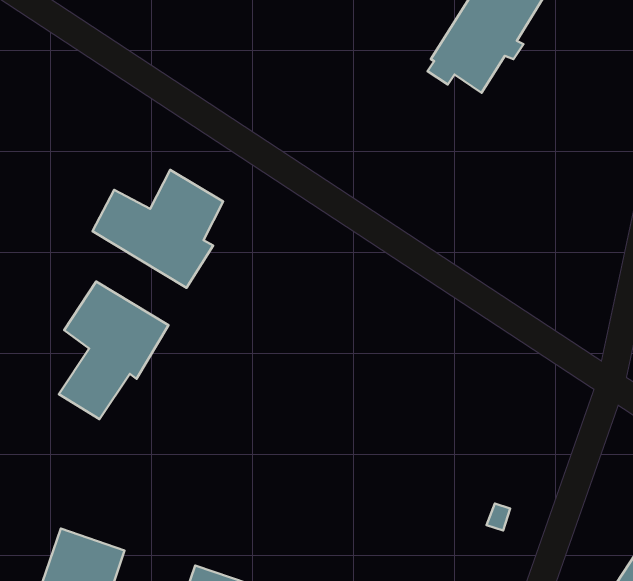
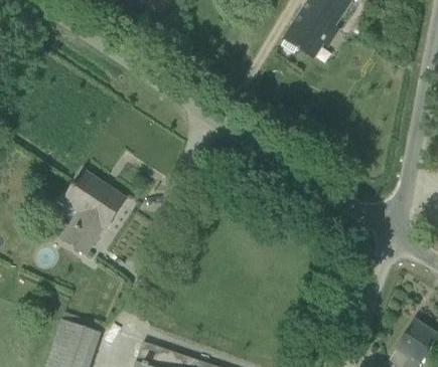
building: [93,170,223,288] -> none

